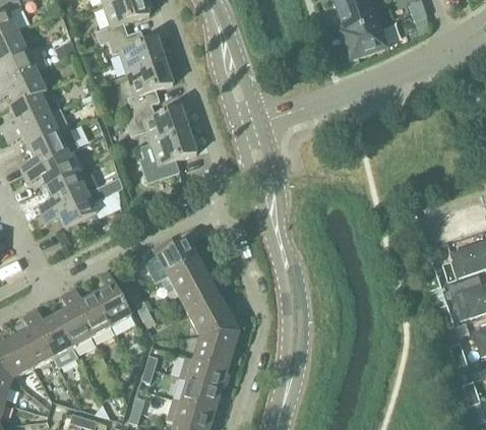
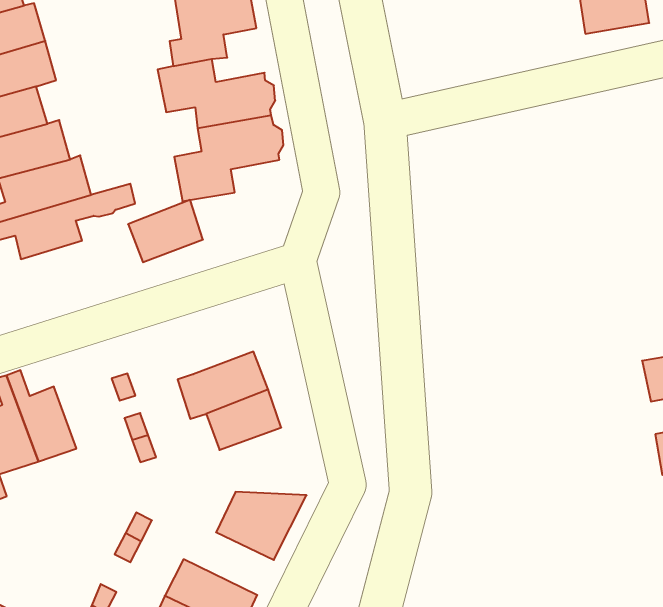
building: [157,238,198,275] -> [128,200,203,262]
building: [94,270,130,325] -> none
building: [188,297,239,335] -> none
building: [178,356,227,389] -> none

